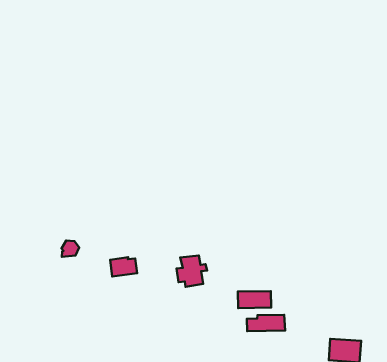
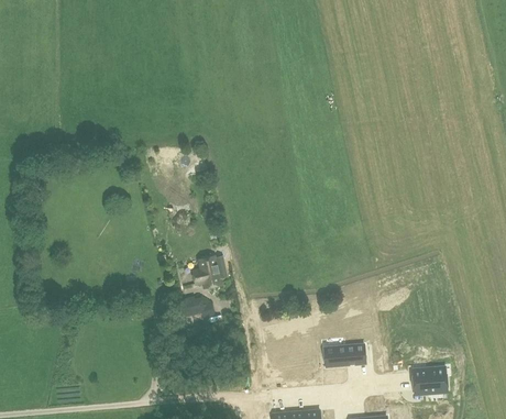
building: [176,256,207,287] -> [191,254,224,288]
building: [238,291,271,308] -> none

